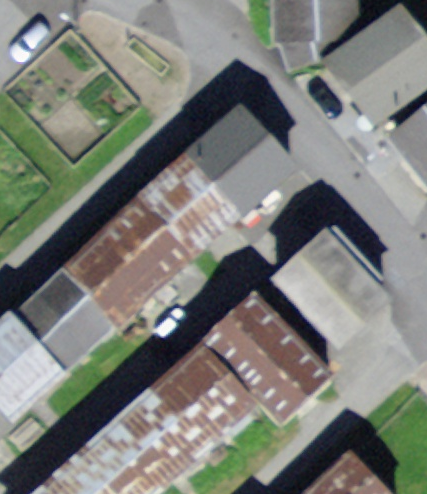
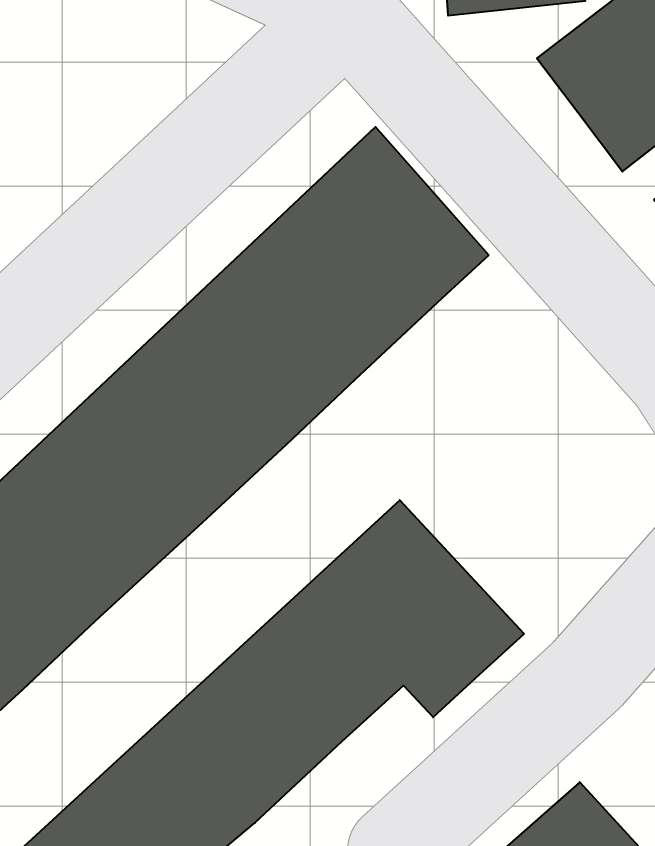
building: [275,233,369,339] -> none

